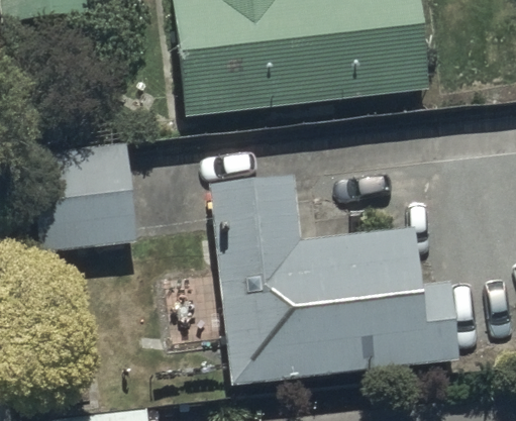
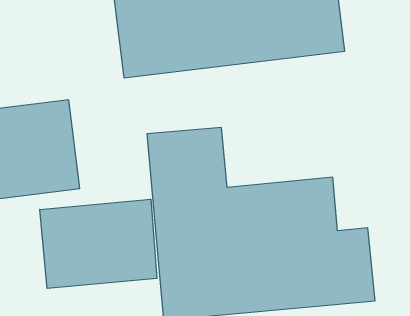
building: none -> [40,199,157,288]

